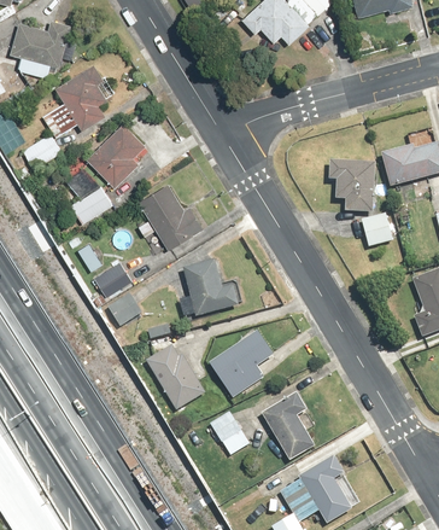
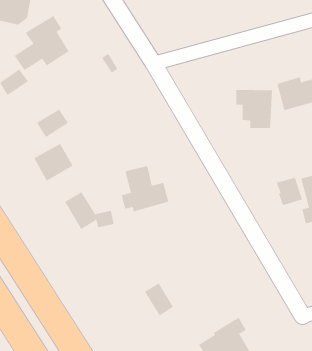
building: [87,122,146,186] -> none
building: [137,182,204,247] -> none
building: [359,211,394,249] -> [276,177,303,206]
building: [95,262,130,296] -> none
building: [209,331,274,397] -> none
building: [147,344,204,408] -> none
building: [261,392,314,460] -> none

